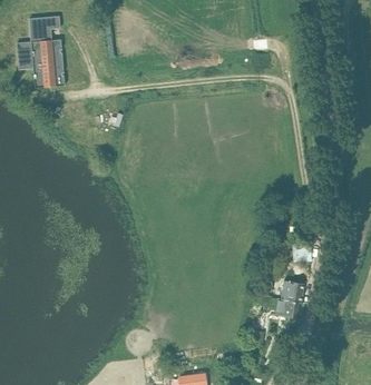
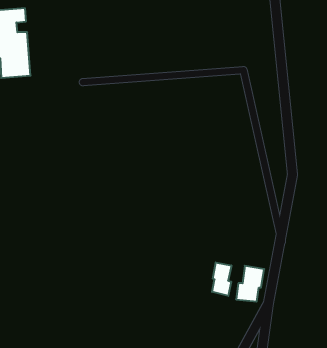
building: none -> [212,262,231,296]

